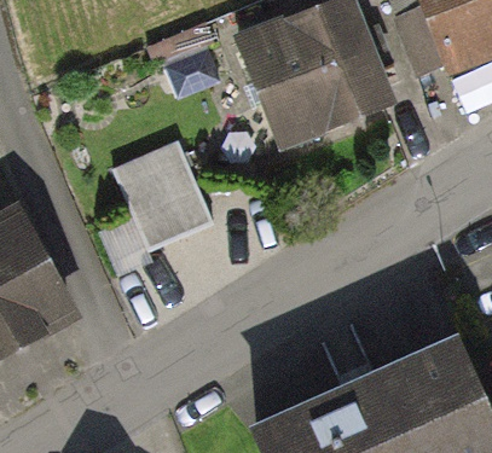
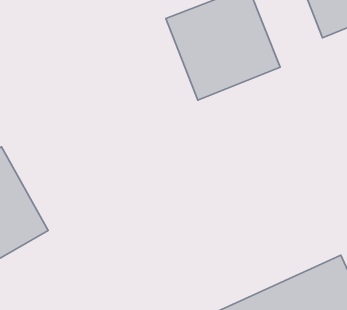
building: [115,141,216,249] -> none

